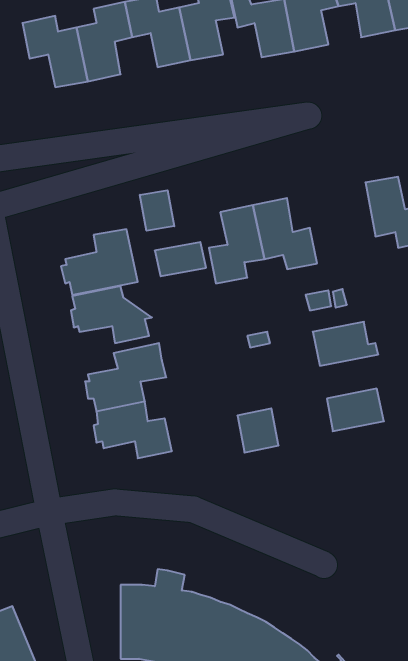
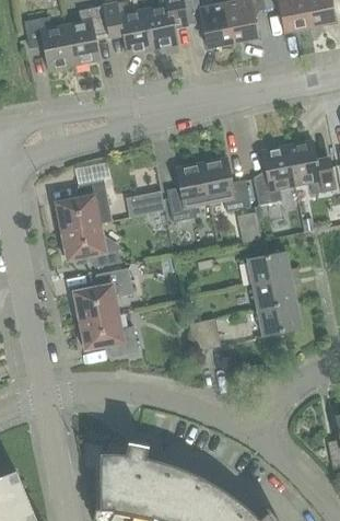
building: none -> [253,143,294,205]
building: [140,190,174,231] -> none
building: none -> [251,276,297,310]

